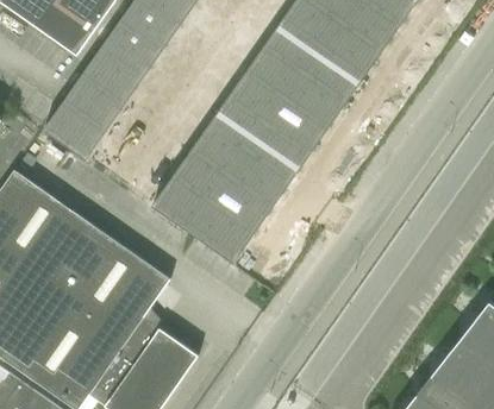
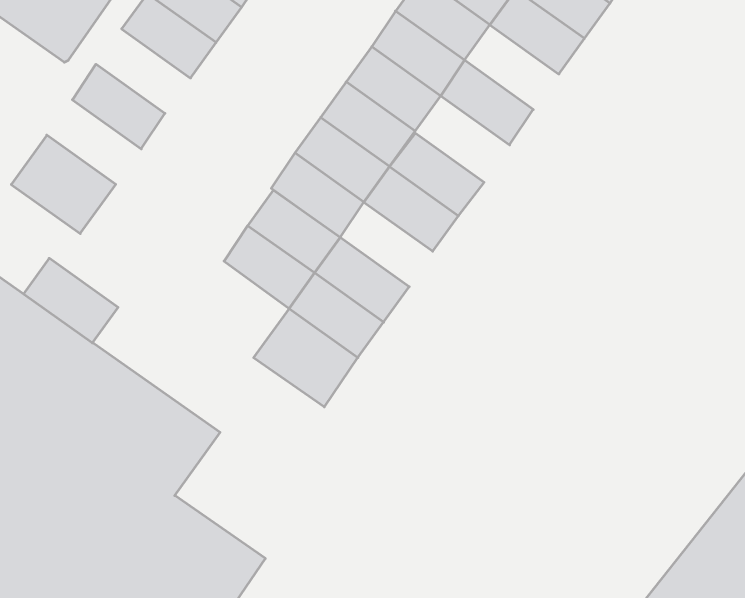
building: [318,33,375,84] -> none
building: [95,36,152,87] -> none
building: [288,76,345,127] -> none
building: [65,78,123,130] -> [24,258,118,343]
building: [243,140,299,191] -> none
building: [151,176,212,234] -> none

